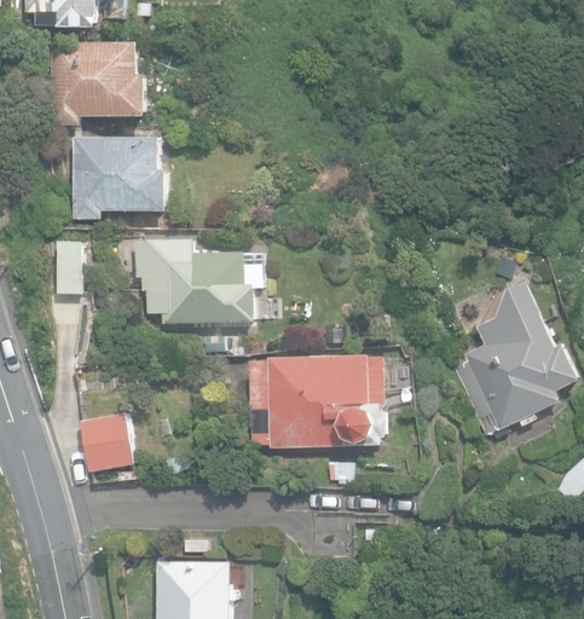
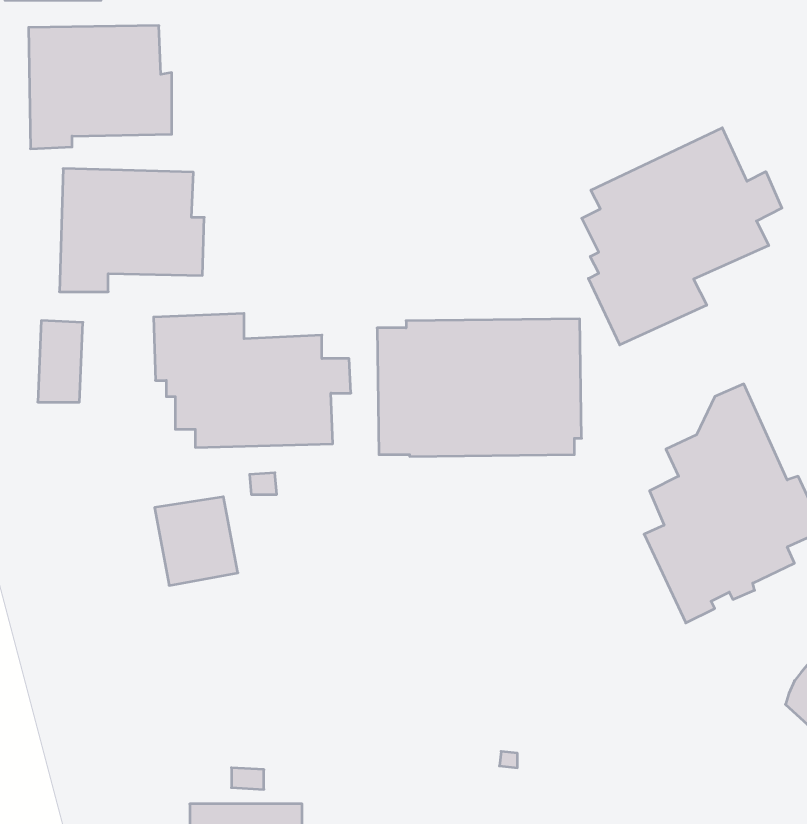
building: none -> [582,128,782,345]
building: [249,355,386,447] -> [377,319,582,456]
building: [77,412,133,472] -> [155,497,238,585]

